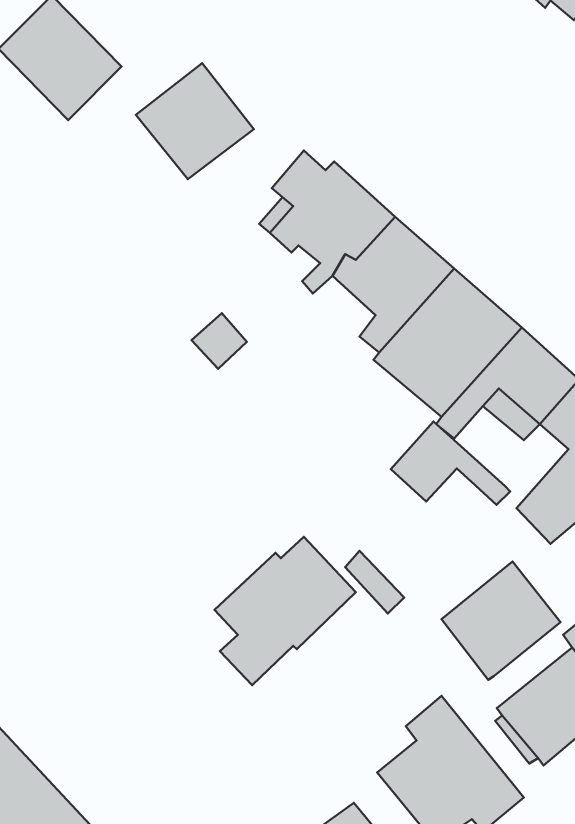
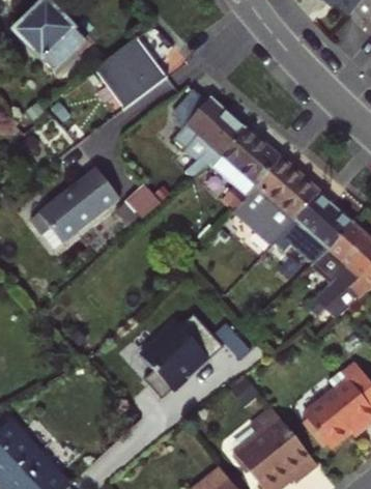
building: none -> [30,168,120,244]
building: [391,422,510,505] -> none
building: [442,561,560,680] -> none

